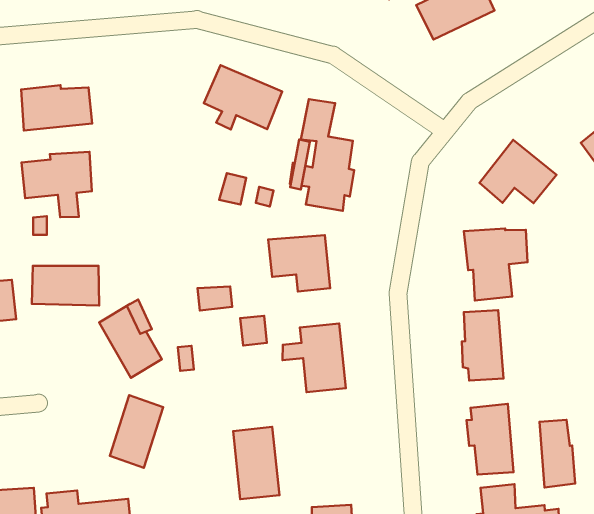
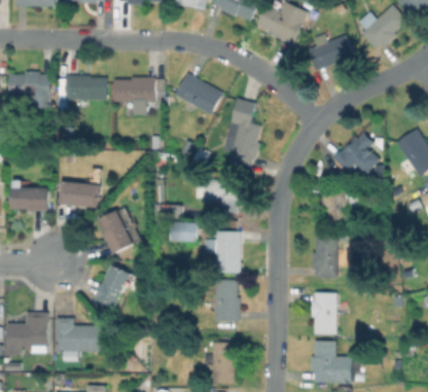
building: [22,152,92,217] -> [113,77,154,116]
building: [539,420,575,487] -> none
building: [233,427,279,499] -> [214,281,238,322]

